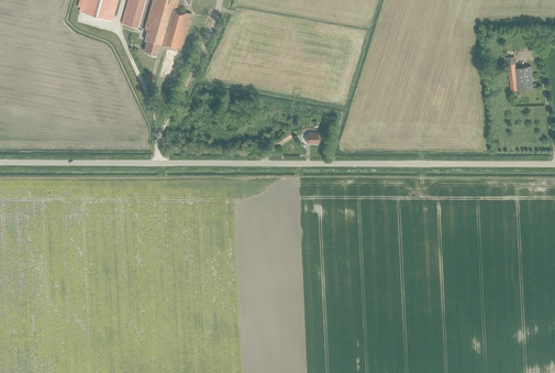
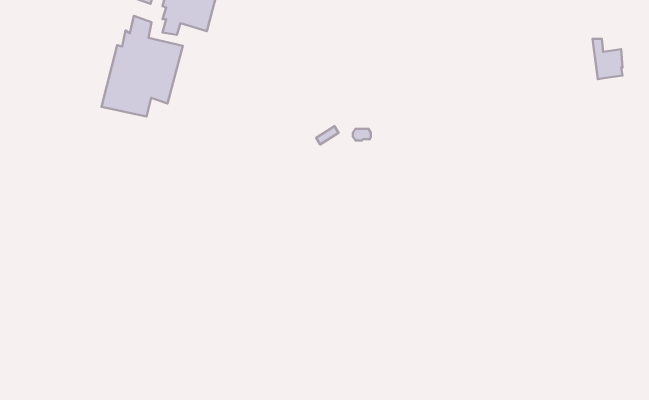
building: none -> [102,16,183,117]

